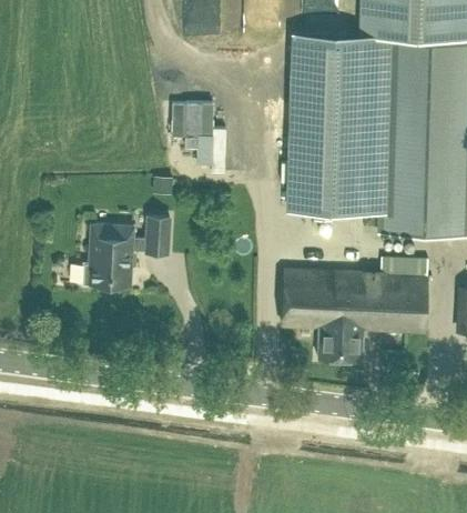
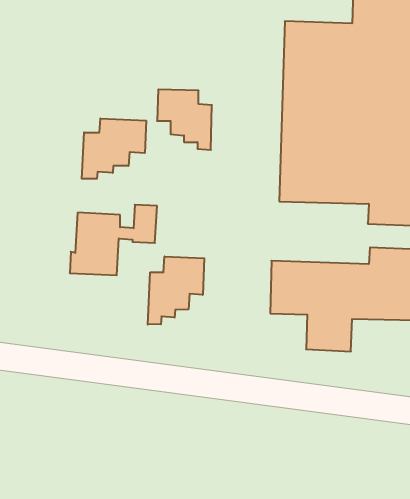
building: none -> [82,118,146,179]
building: none -> [148,256,204,325]

